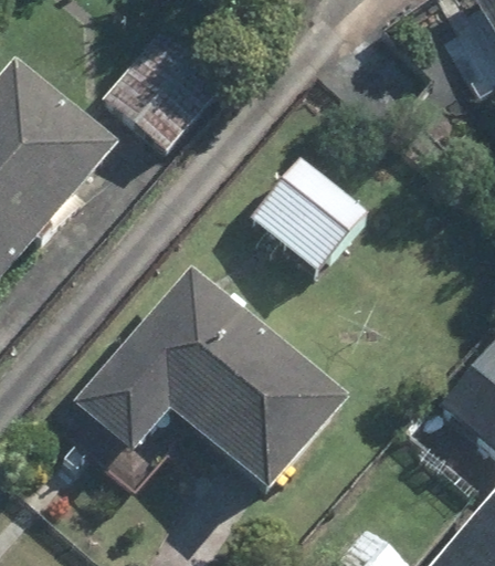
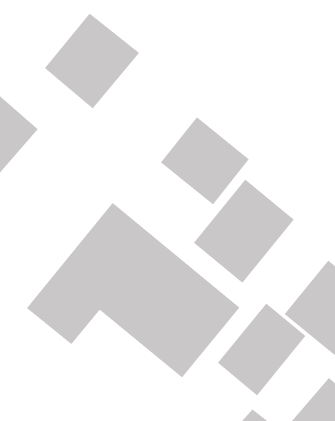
building: none -> [193,178,295,284]
building: none -> [217,302,307,396]

